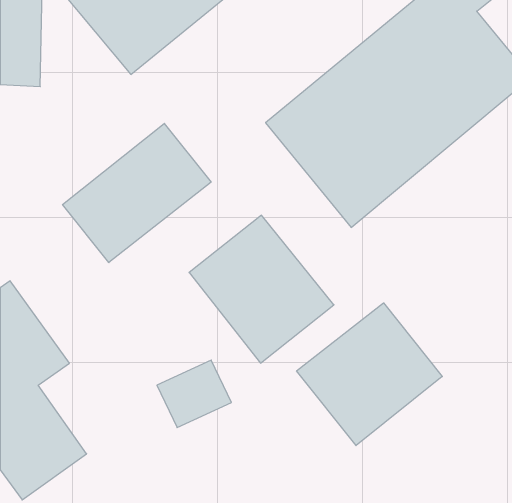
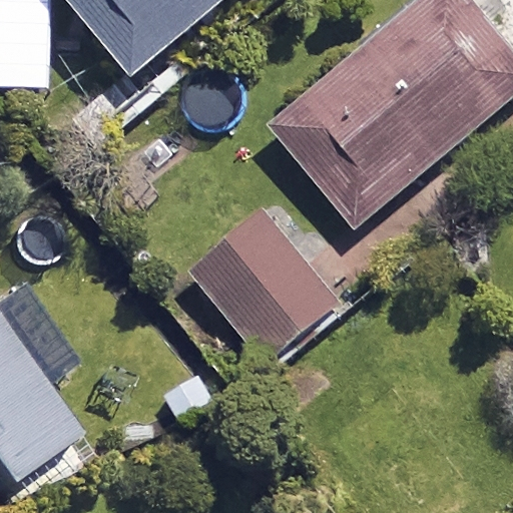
building: [63,123,211,263] -> none
building: [297,303,442,446] -> none

